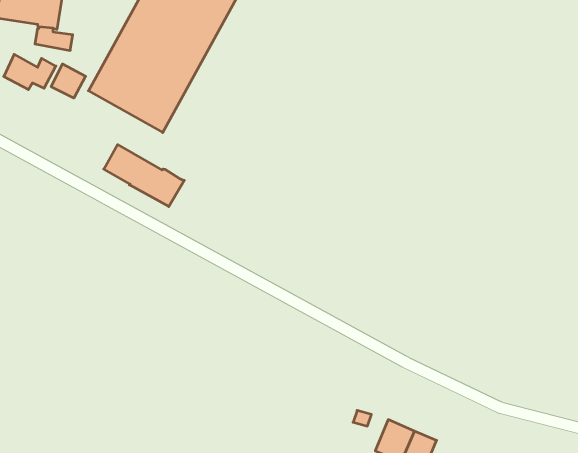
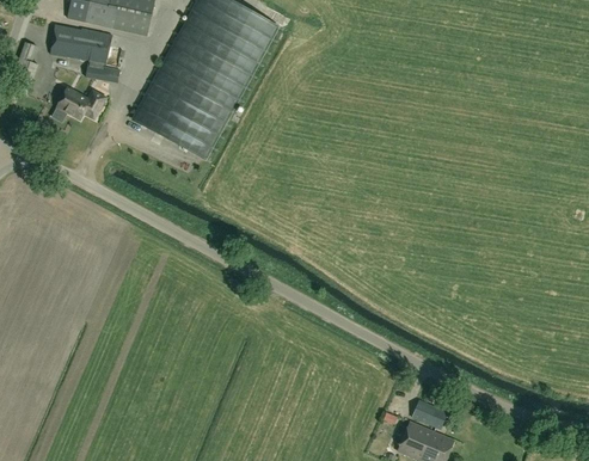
building: [51,64,86,98] -> none
building: [104,145,184,207] -> none
building: none -> [412,398,448,428]

